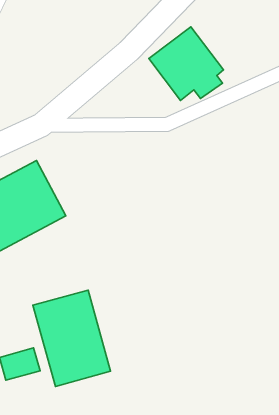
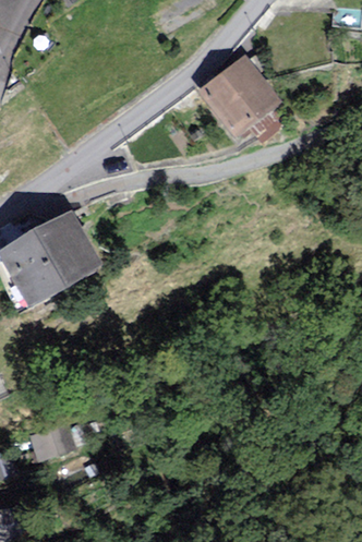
building: [33,290,111,386] -> none

